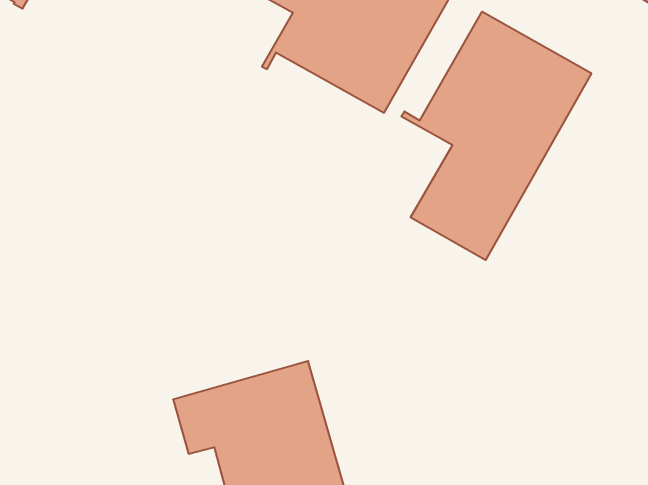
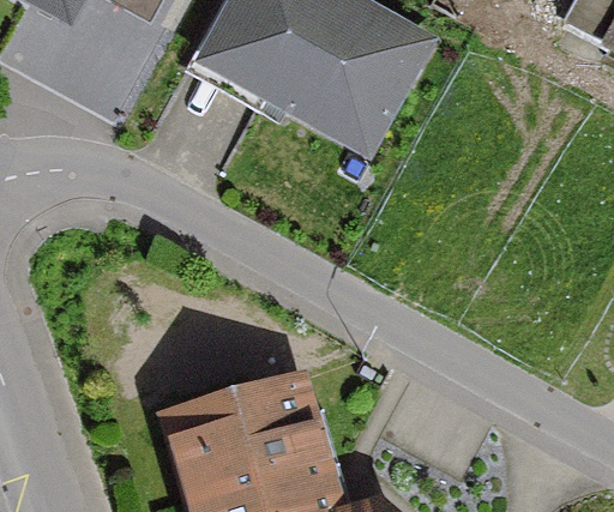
building: [401,12,591,260] -> none

